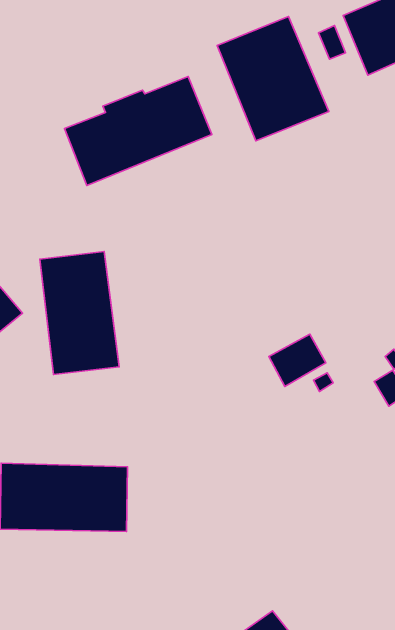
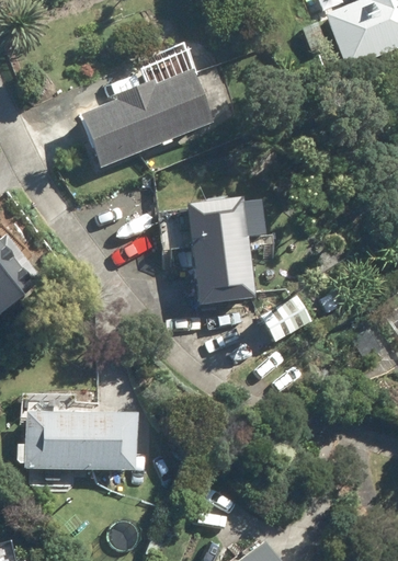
building: [217,16,329,141] -> none
building: [40,252,119,374] -> [186,195,257,304]

